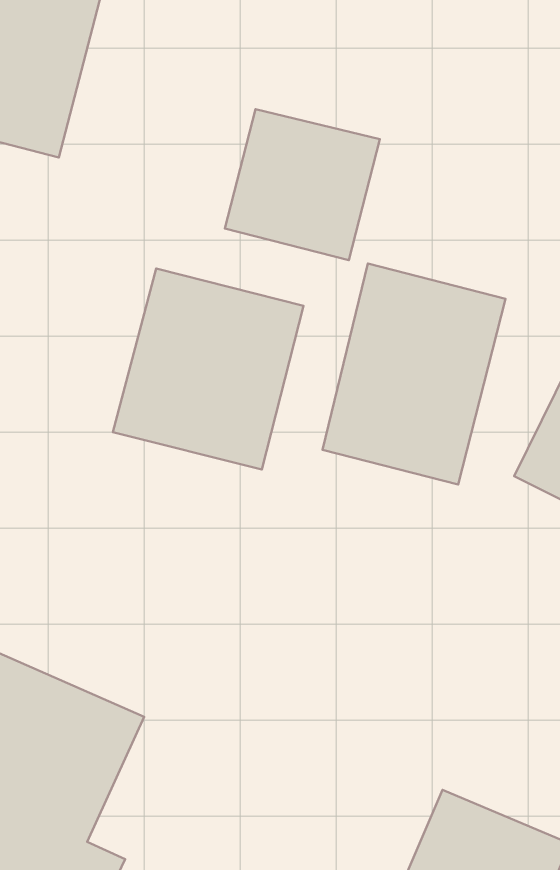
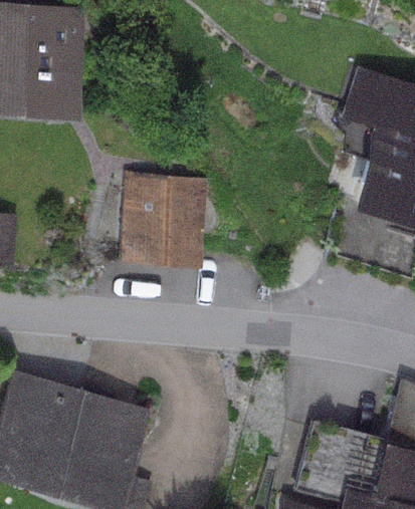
building: [225,109,380,260] -> none
building: [322,263,505,484] -> none

